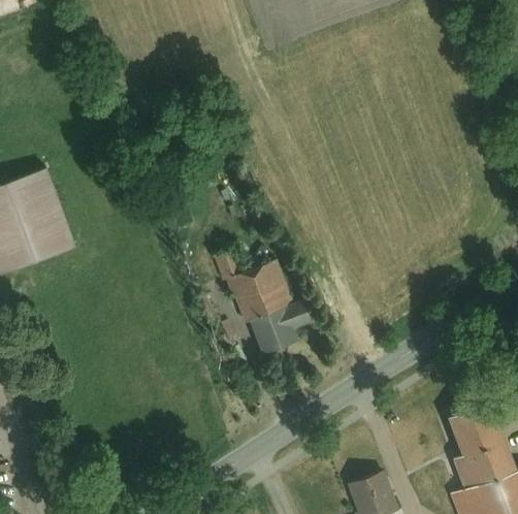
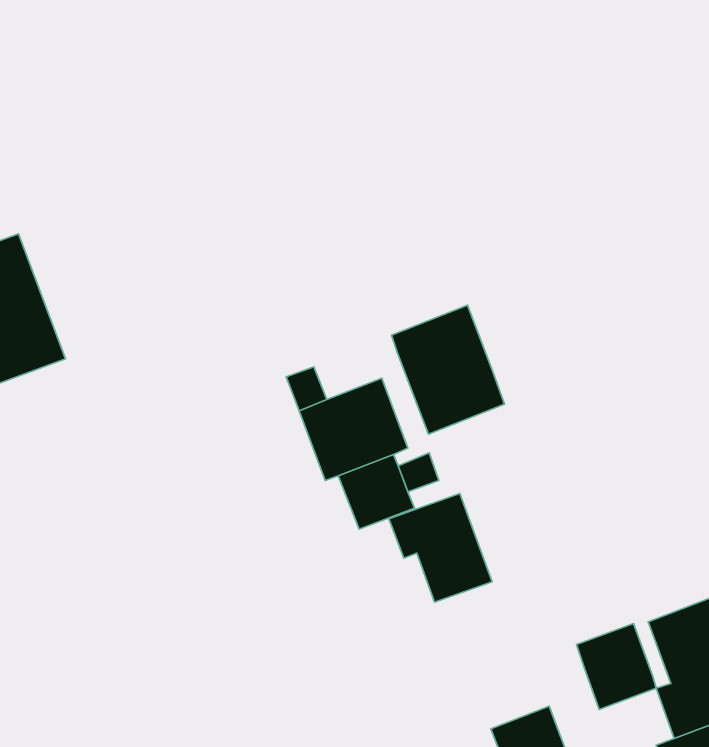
building: none -> [392,305,504,434]
building: none -> [389,493,492,602]
building: none -> [576,623,656,709]

